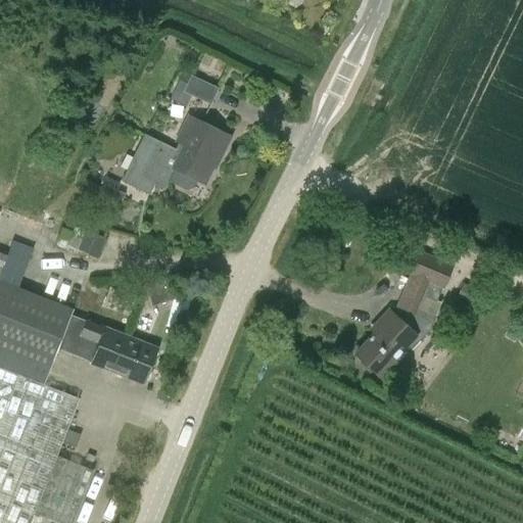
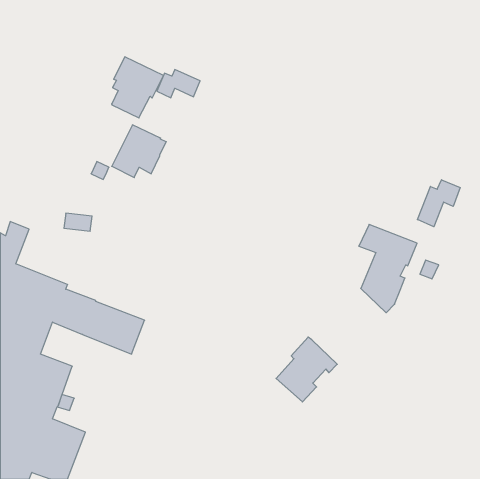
building: [174,117,230,184] -> [112,57,163,118]
building: none -> [417,180,460,227]
building: [353,311,420,381] -> [276,337,337,402]

